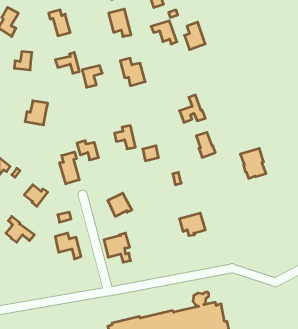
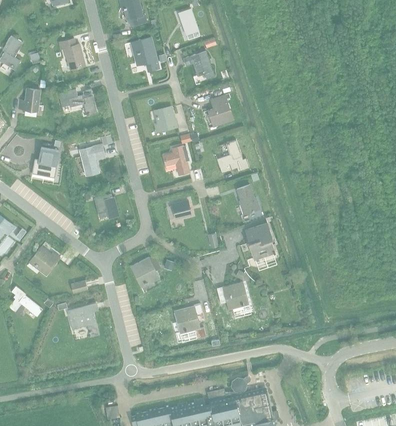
building: [184,22,205,50] -> [207,94,232,127]
building: [82,66,102,87] -> [80,145,104,171]
building: [115,126,135,149] -> [163,146,188,174]
building: [240,148,266,178] -> [244,223,275,259]
building: [60,152,79,184] -> none
building: [104,233,131,262] -> [173,303,205,338]

